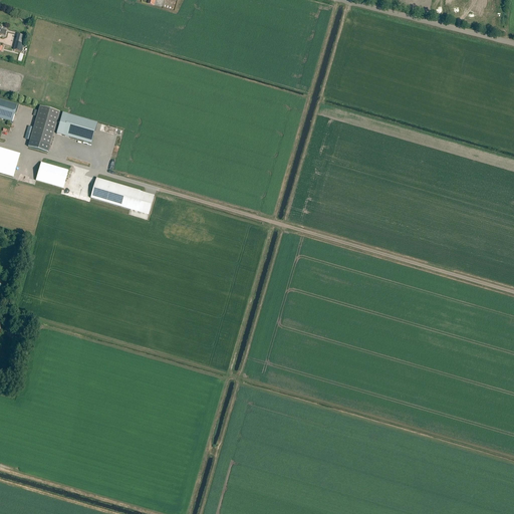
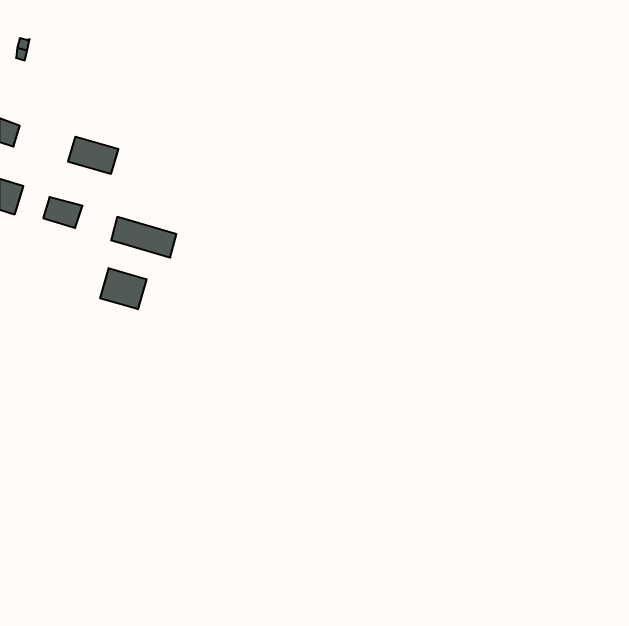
building: [27,103,58,150] -> none
building: none -> [100,268,146,309]

